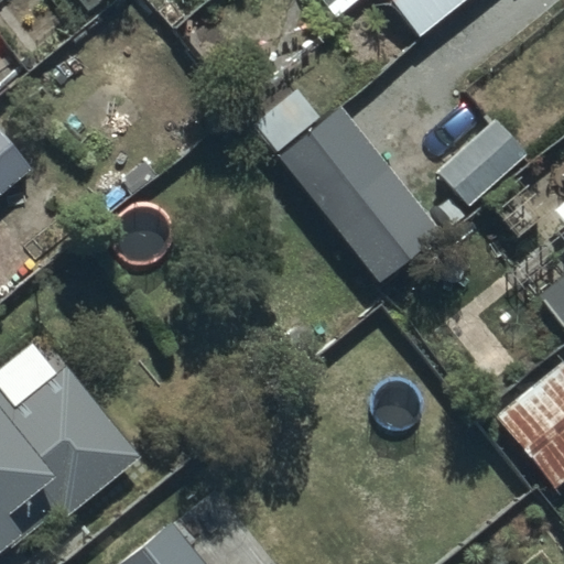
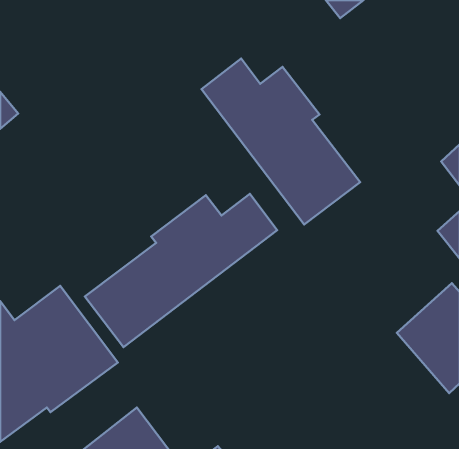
building: none -> [85,194,277,347]

